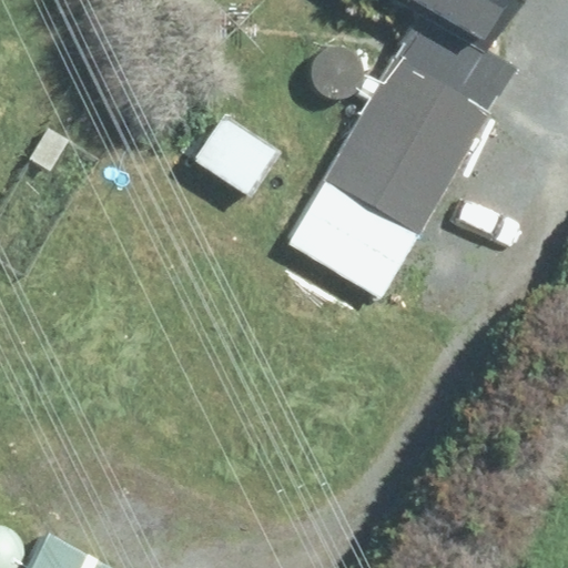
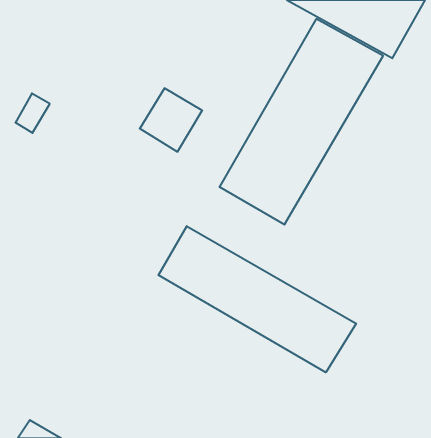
building: none -> [158,226,356,372]

